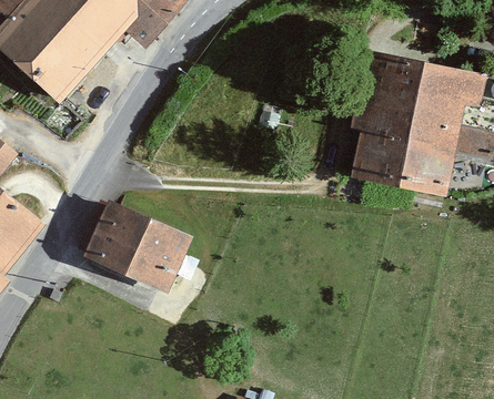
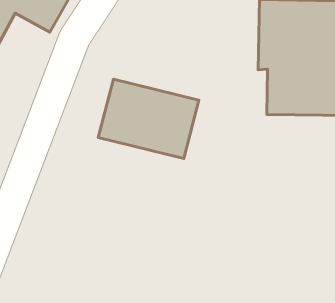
building: [78,192,191,288] -> [98,79,199,158]

